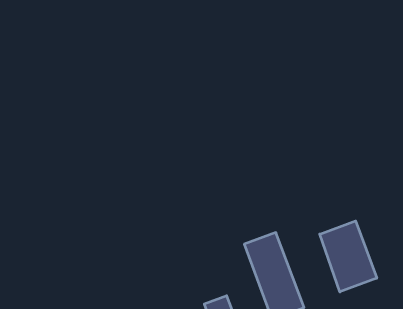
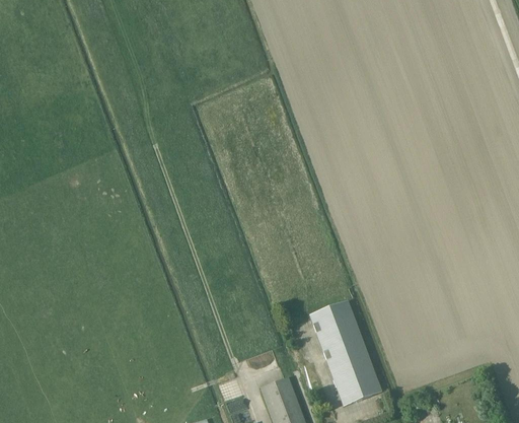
building: [320,221,377,292] -> none

